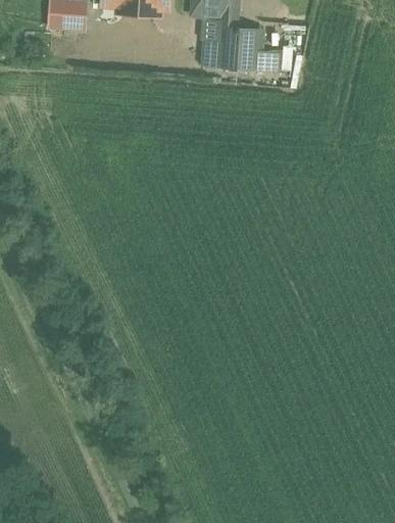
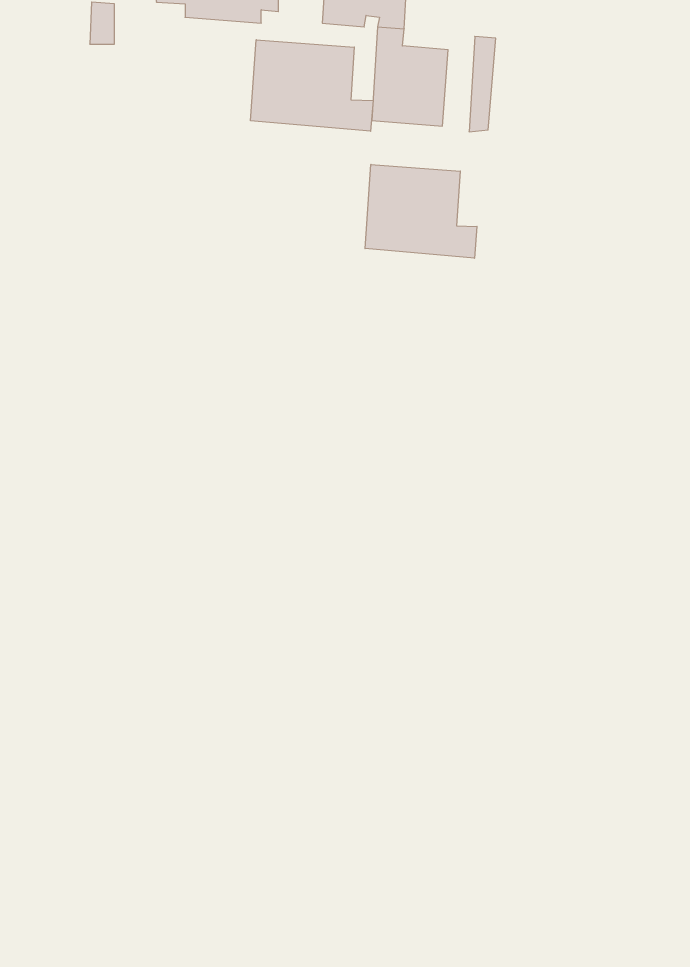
building: none -> [251,40,373,131]
building: none -> [365,164,477,258]

